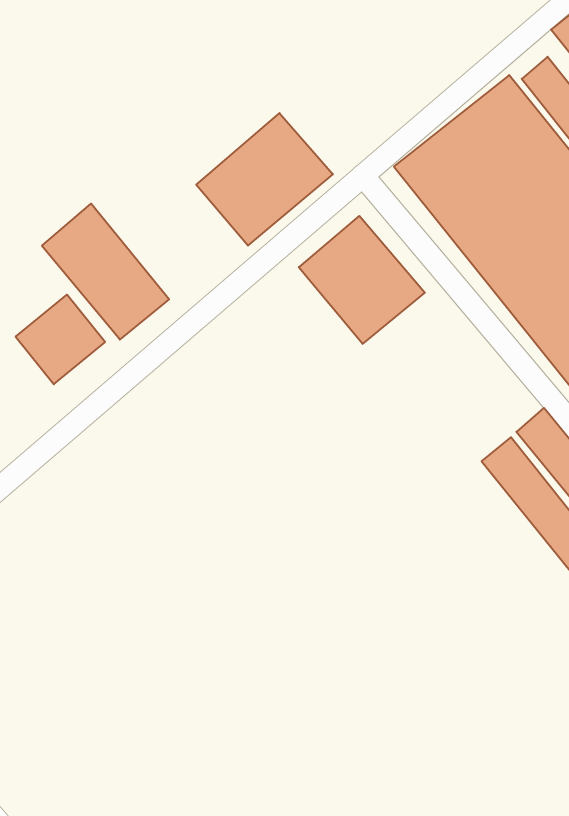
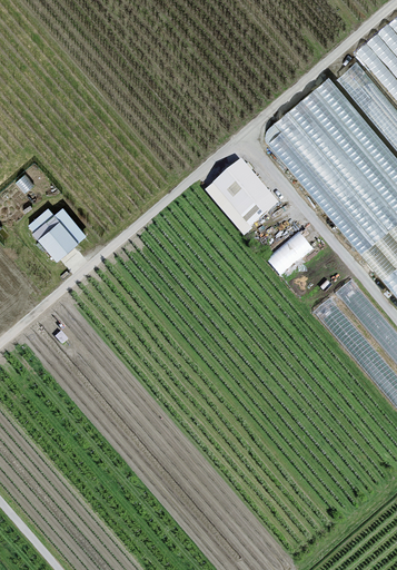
building: [196,113,333,246] -> none
building: [42,204,169,340] -> none
building: none -> [267,230,314,275]

